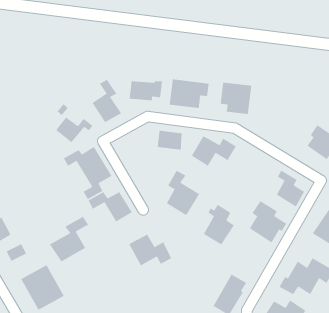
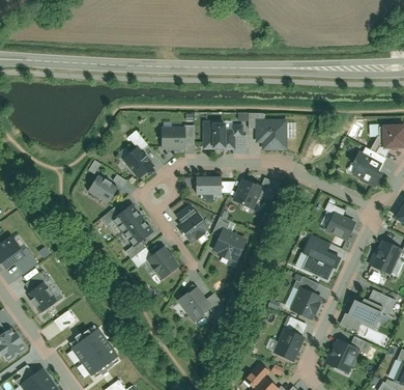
building: none -> [176,202,209,241]
building: [203,204,235,245] -> [291,275,323,317]
building: [49,216,89,263] -> none

